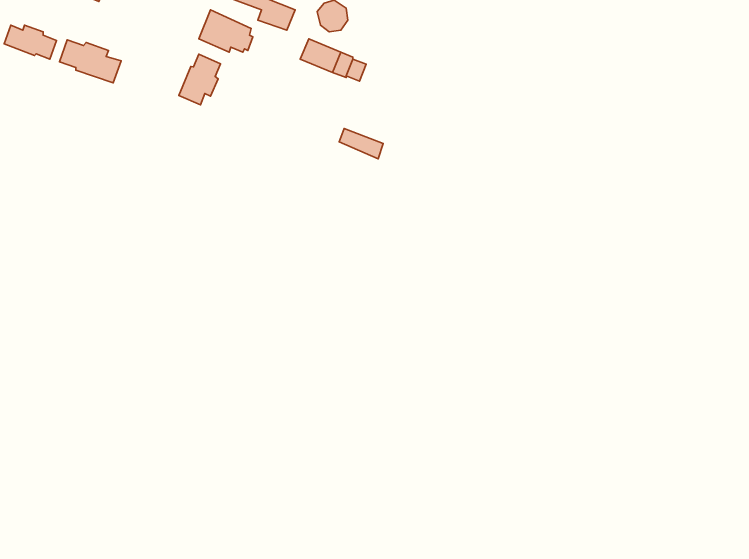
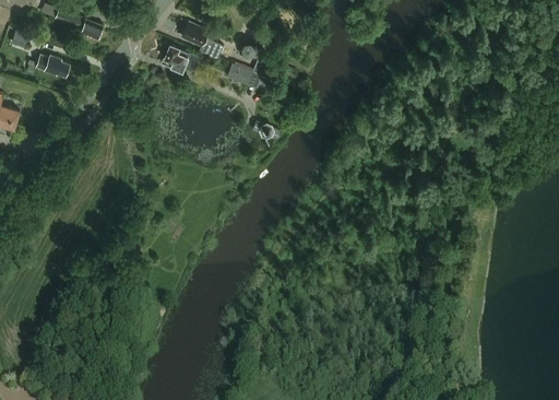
building: [59,40,121,83] -> none
building: [179,54,221,105] -> none

